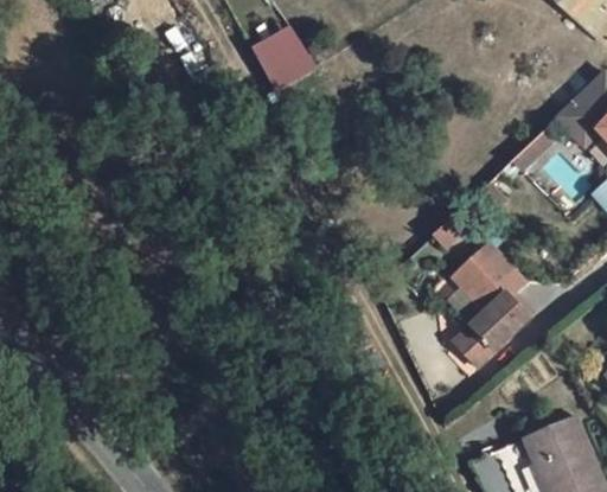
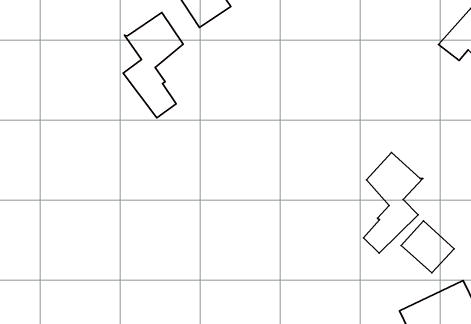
building: none -> [123,13,183,118]
building: none -> [401,221,454,273]

